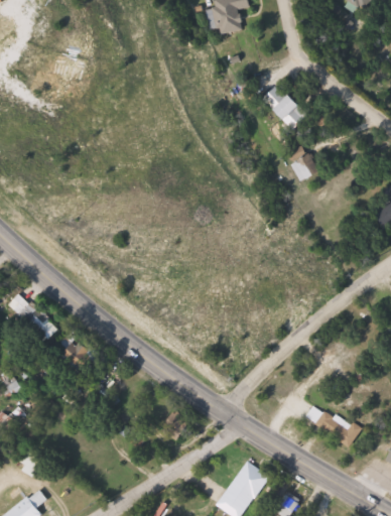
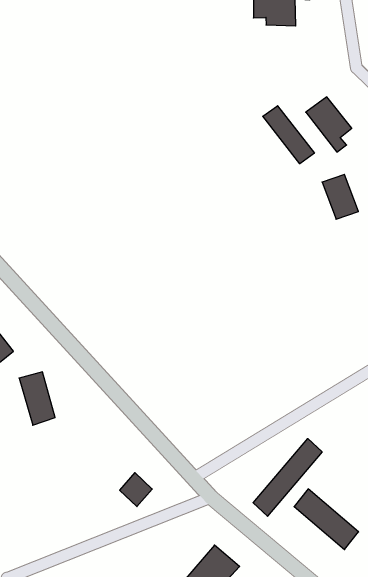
building: none -> [263,106,314,164]
building: none -> [253,439,322,516]

